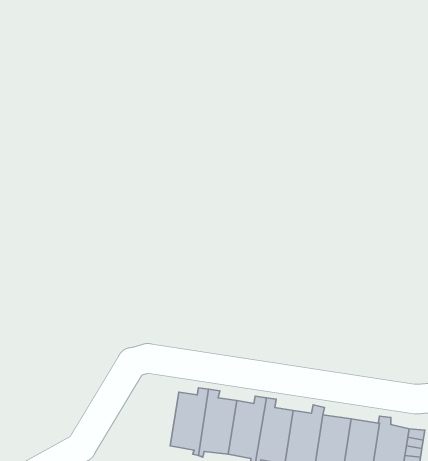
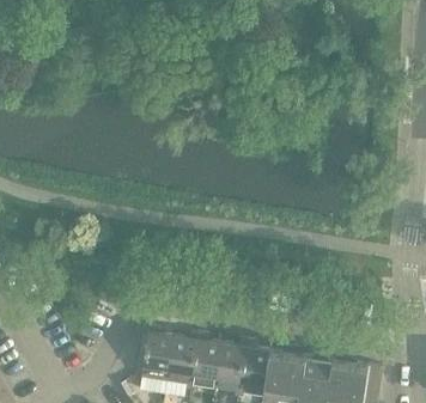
building: none -> [141,324,174,381]

